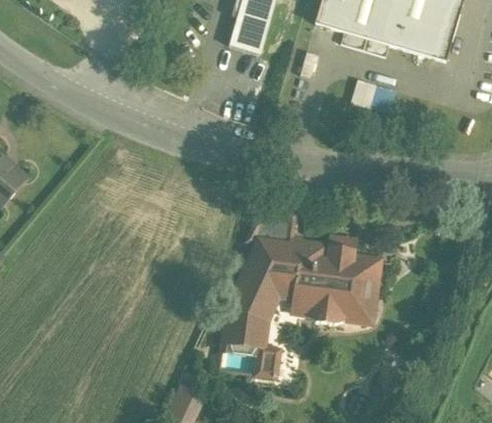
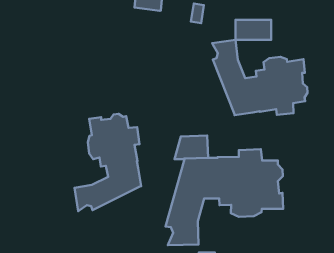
building: none -> [212,40,308,115]
building: none -> [74,114,141,211]

